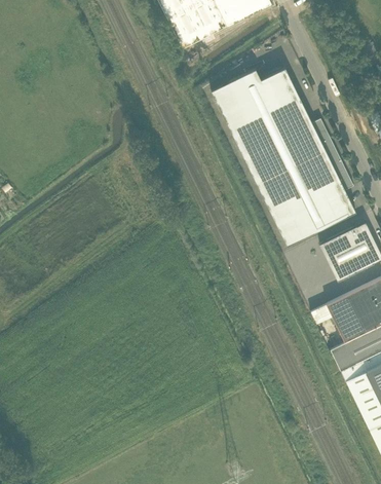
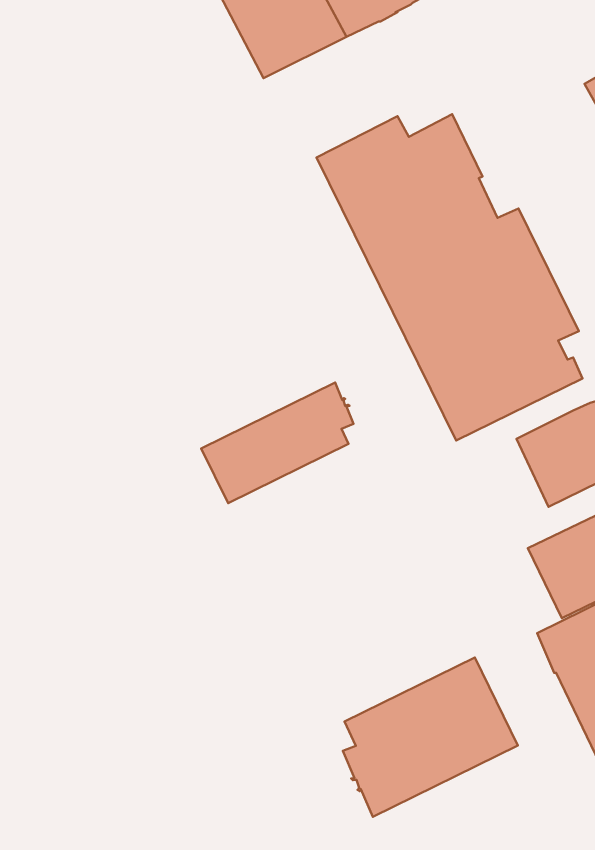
building: none -> [201,382,353,503]
building: none -> [343,657,518,817]

